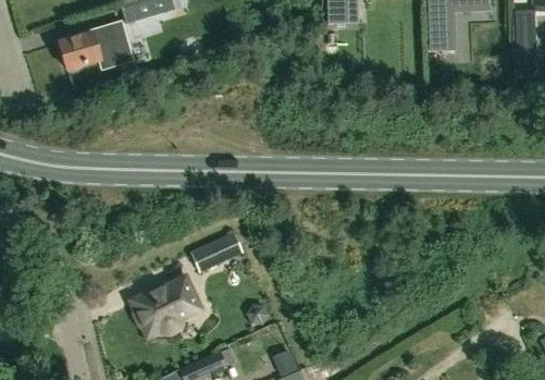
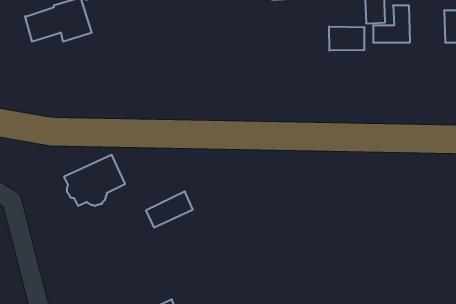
building: none -> [329,26,364,51]
building: [134,277,200,332] -> [64,155,125,206]

